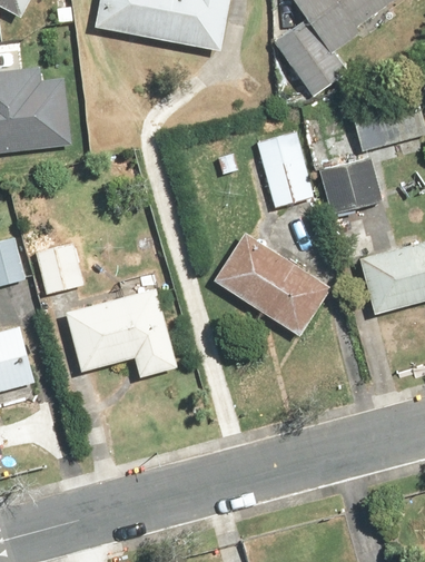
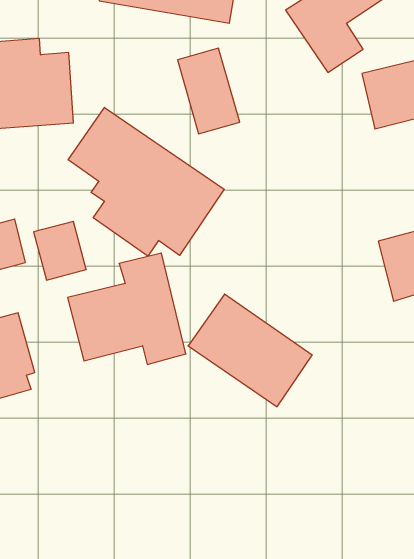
building: [254,127,313,208] -> [178,48,240,134]
building: none -> [68,107,224,256]
building: [317,156,380,217] -> none
building: [212,229,330,336] -> [188,294,312,407]

